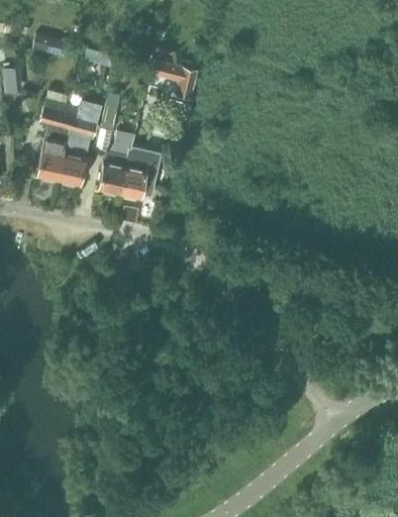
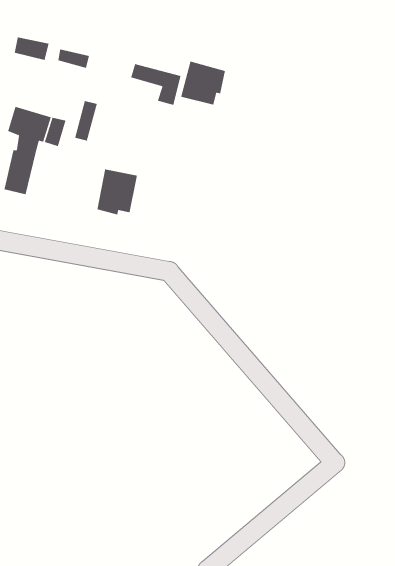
building: none -> [180,61,226,106]
building: [97,131,133,193] -> none
building: [57,142,86,184] -> none

